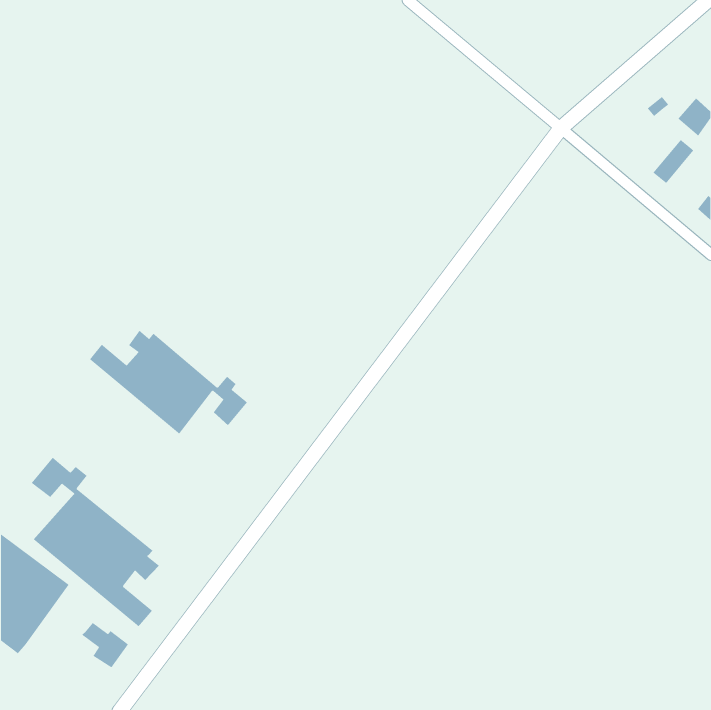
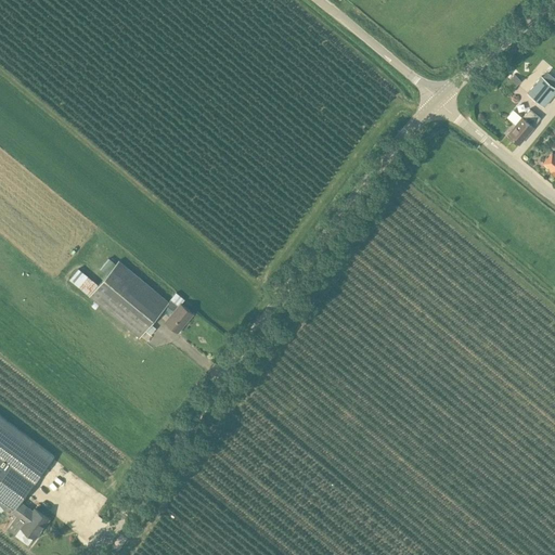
building: [31,457,160,627] -> none
building: [81,622,129,668] -> [12,503,49,539]

